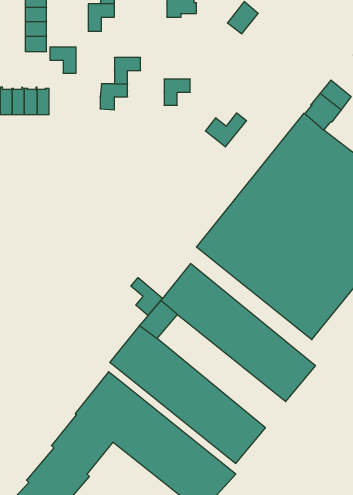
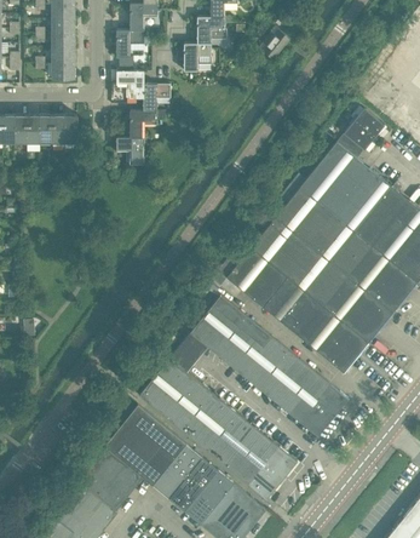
building: [50,47,76,73] -> [116,71,143,98]
building: [164,79,190,105] -> [184,44,211,70]
building: none -> [114,137,143,167]
building: [205,113,246,147] -> none
building: [131,278,162,315] -> none

